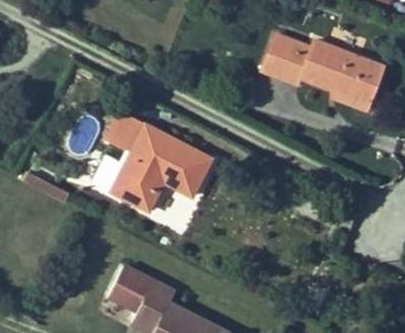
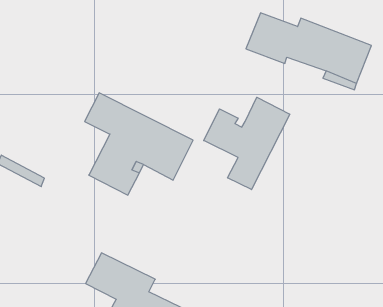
building: none -> [204,97,290,190]

